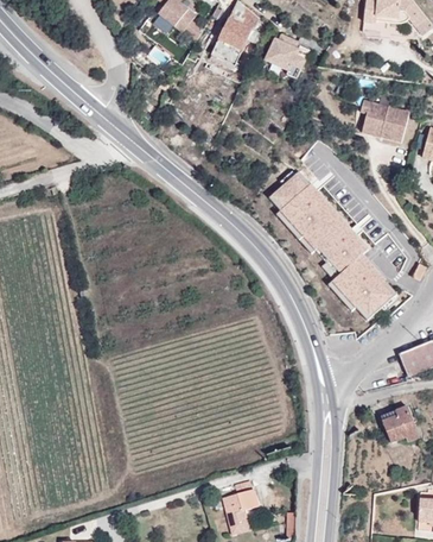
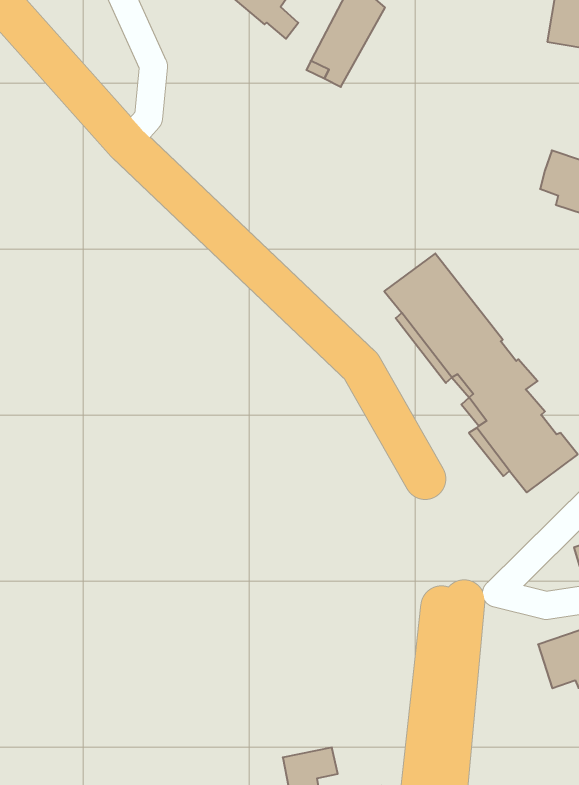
building: [265,32,308,77] -> none

